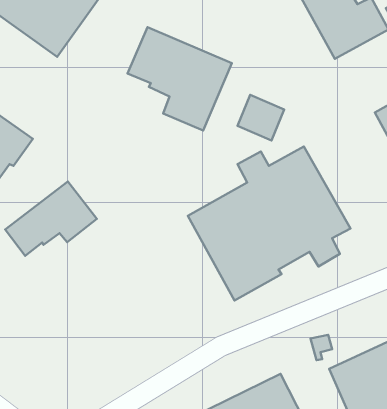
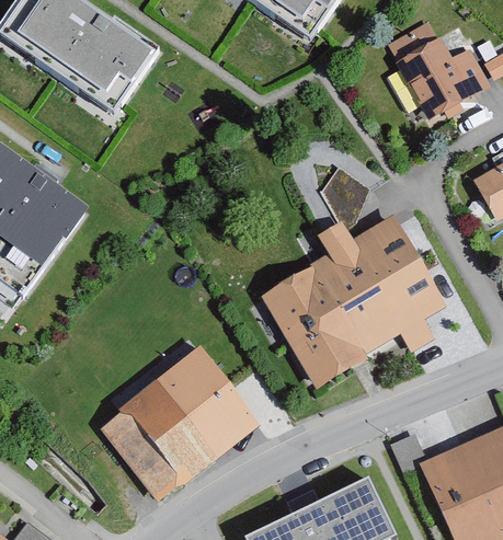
building: [128,27,232,131] -> none
building: [5,182,97,256] -> none
building: none -> [102,347,259,502]

